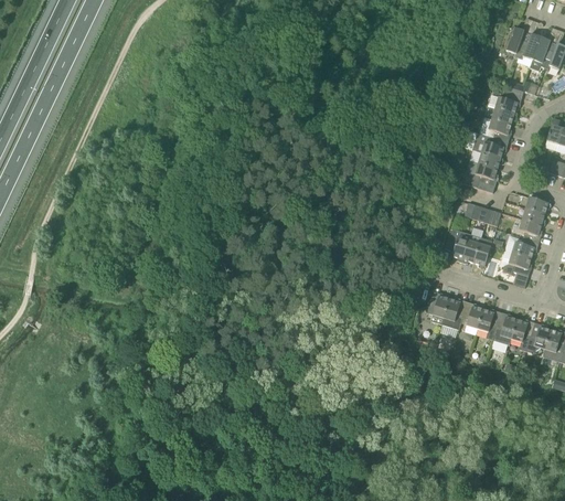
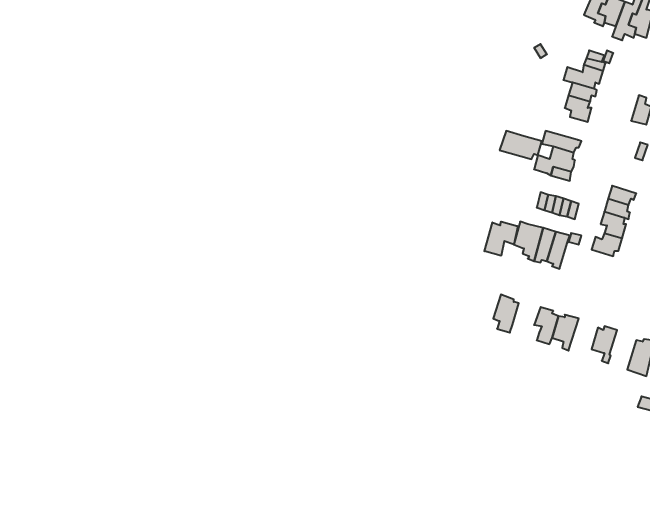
building: [472,132,509,157] -> [500,131,542,159]
building: none -> [484,222,518,256]
building: [502,252,532,276] -> none
building: [441,297,468,329] -> none
building: [492,311,518,344] -> none
building: [526,321,551,352] -> none

